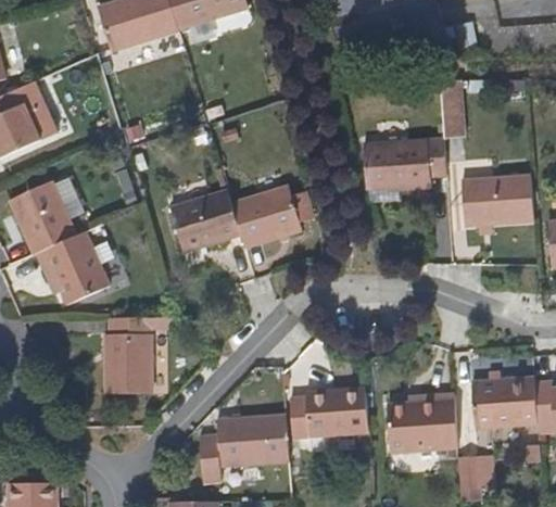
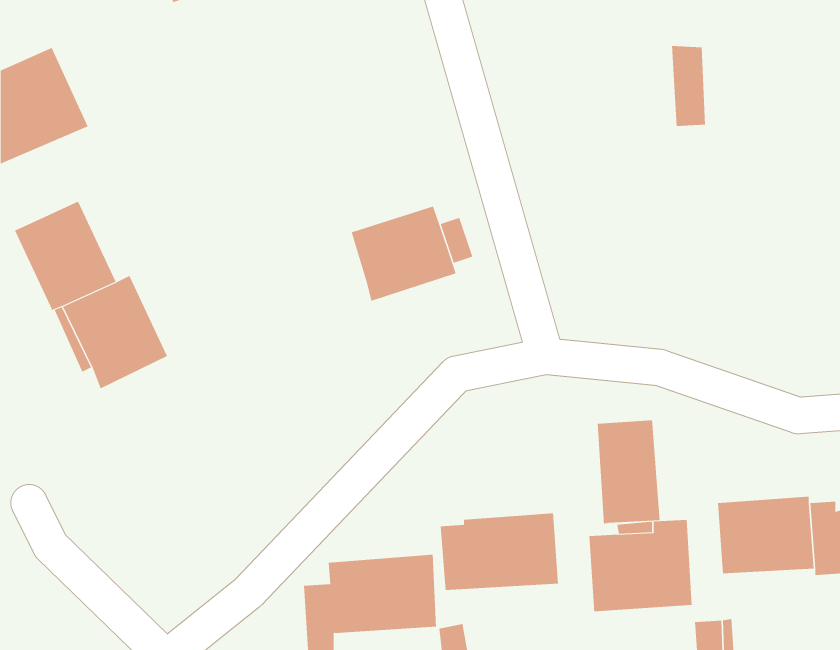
building: [364,138,447,191] -> none
building: [463,173,534,225] -> none
building: [170,188,241,252] -> none
building: [104,316,173,392] -> none
building: none -> [597,420,660,524]

